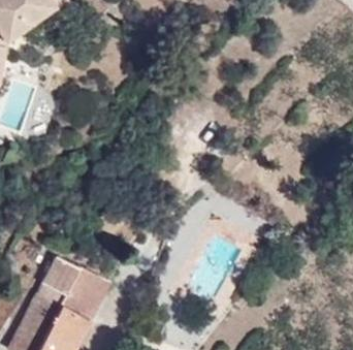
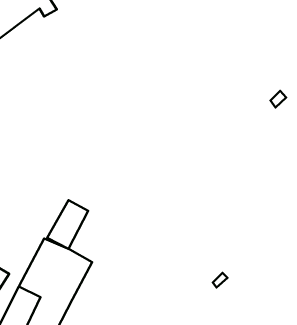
building: none -> [47,200,88,249]

